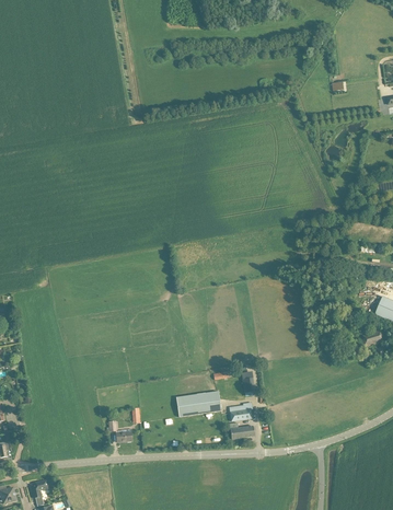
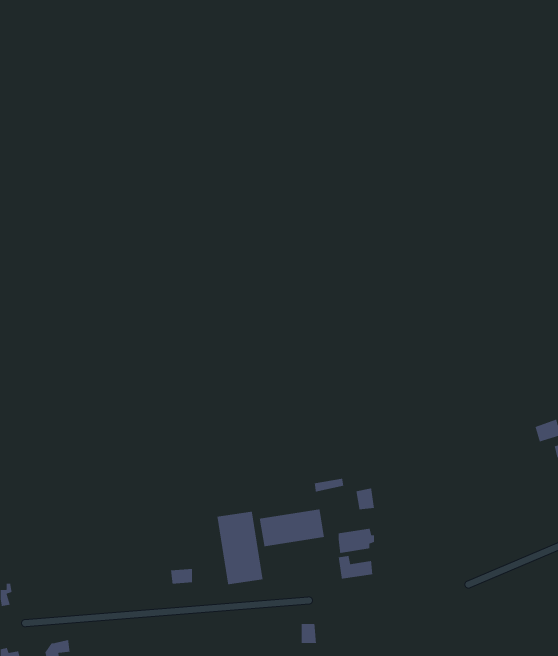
building: none -> [217,511,264,585]

